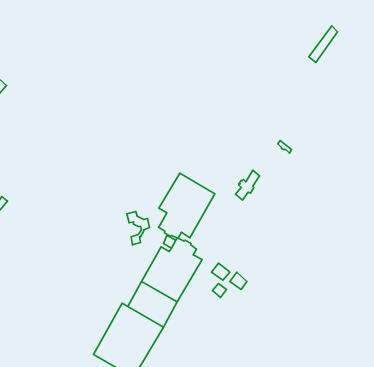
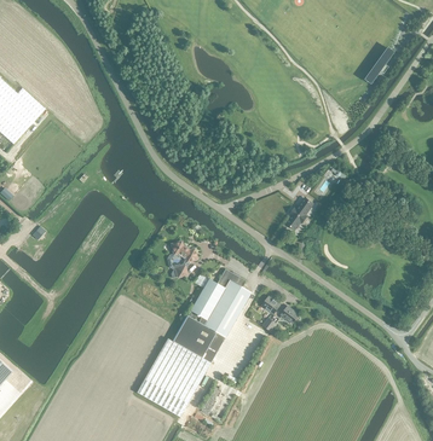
building: [159,173,215,238] -> none

